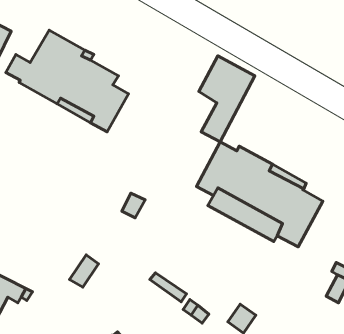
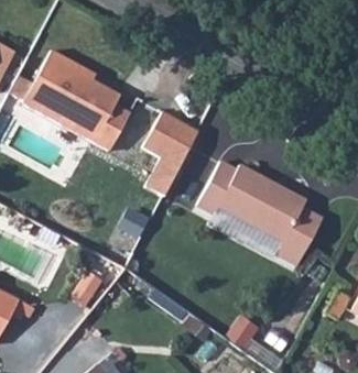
building: [199,56,255,142] -> [143,111,198,196]

